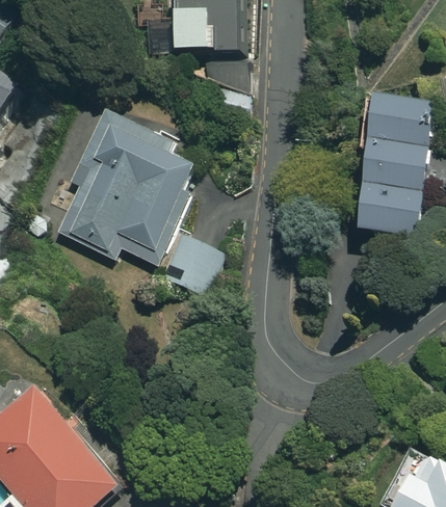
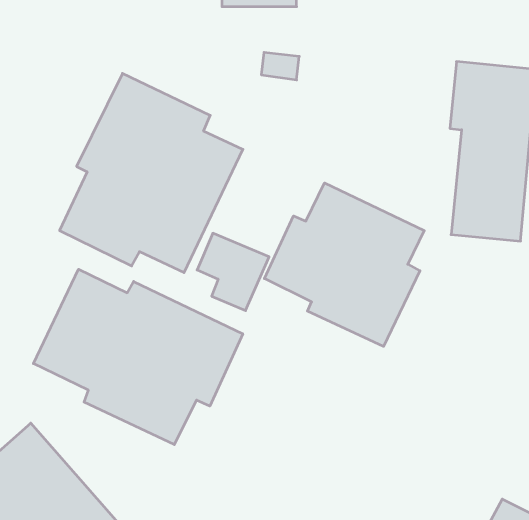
building: none -> [264,183,424,346]
building: none -> [33,269,243,445]

